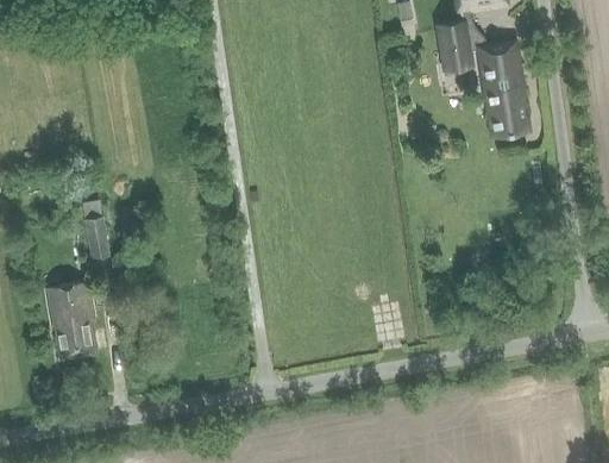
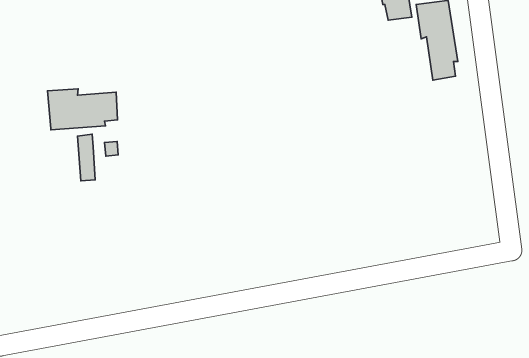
building: none -> [48,89,117,130]
building: [43,279,94,357] -> none

